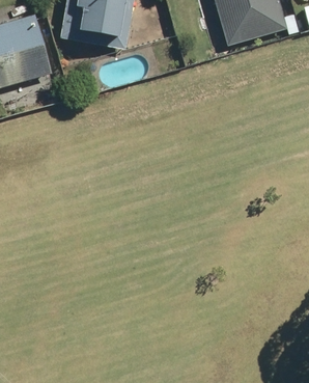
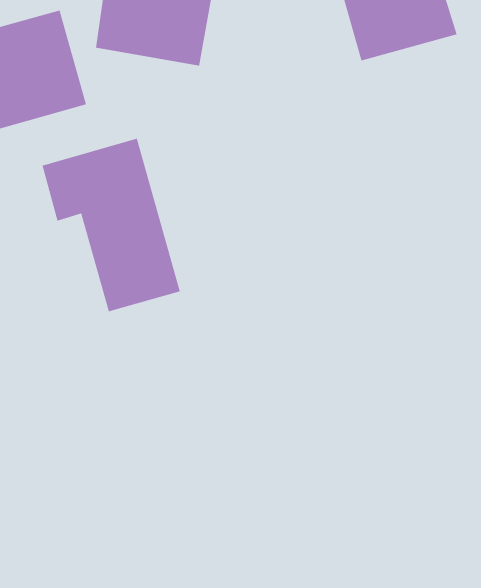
building: none -> [42,138,180,312]

